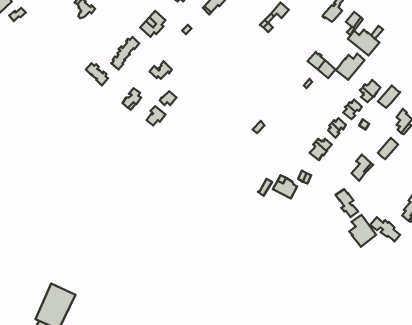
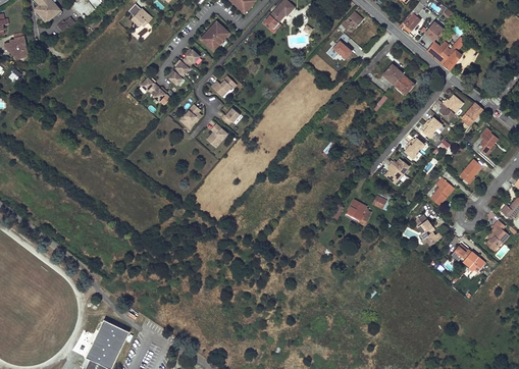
building: [336,54,365,80] -> none
building: [349,215,376,247] -> none

